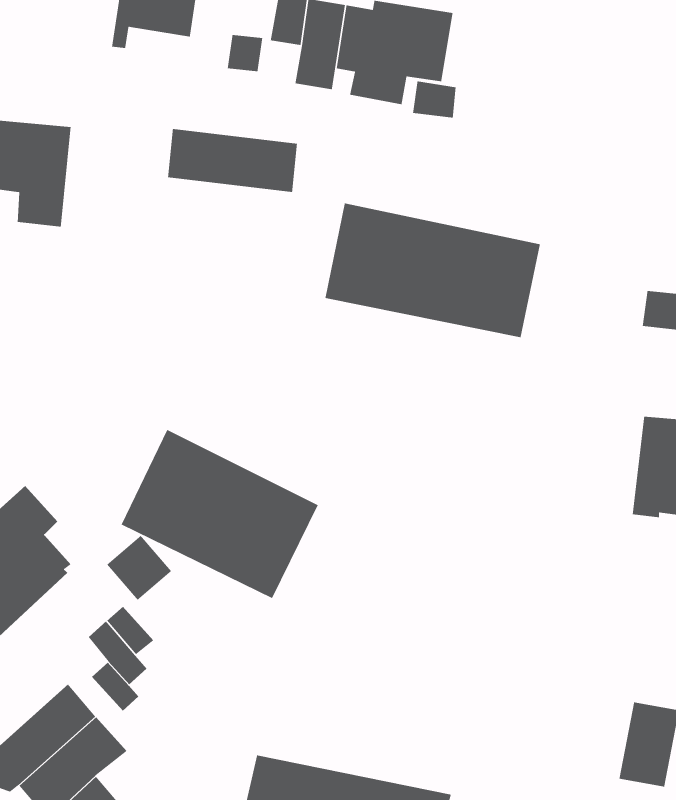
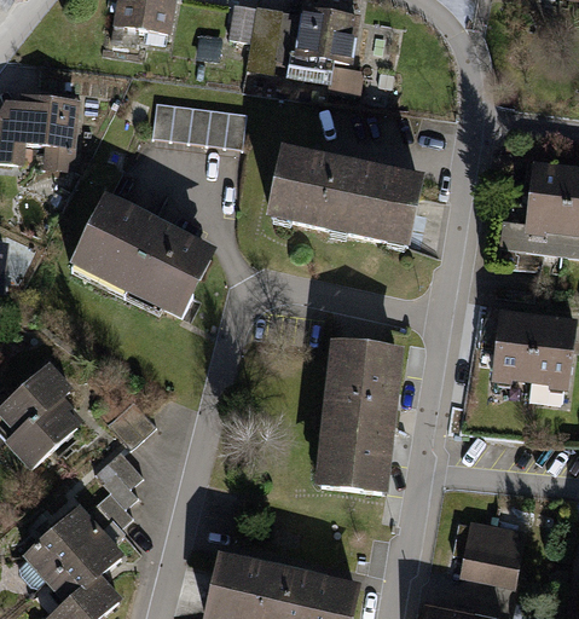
building: [120,429,319,599] -> [69,198,214,323]
building: none -> [313,346,404,498]
building: none -> [452,514,492,575]

